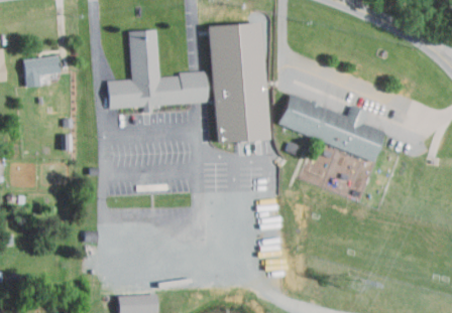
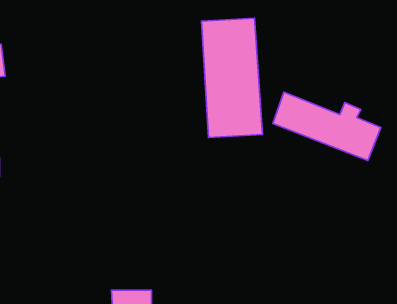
building: [108,28,209,112] -> none
building: [25,55,62,81] -> none

